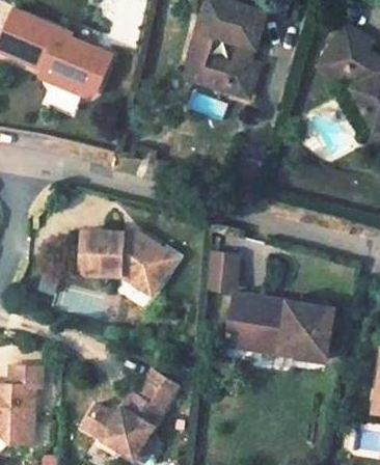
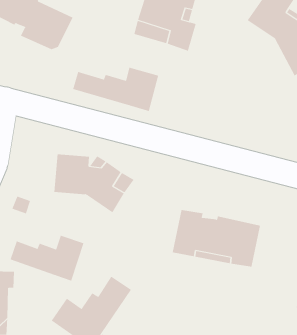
building: none -> [73,67,159,112]
building: [205,251,241,295] -> none
building: none -> [10,235,84,282]

